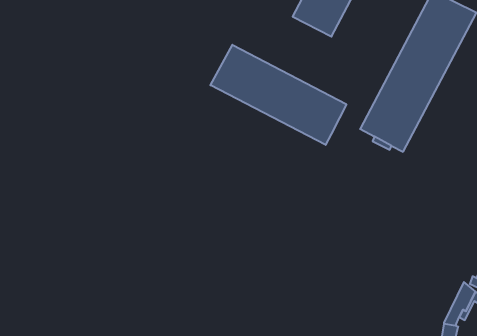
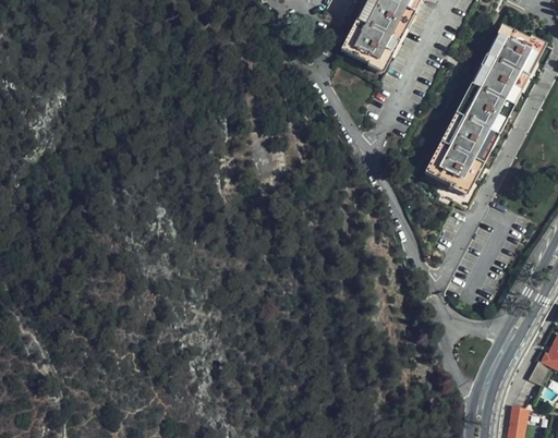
building: [210,45,346,145] -> none

